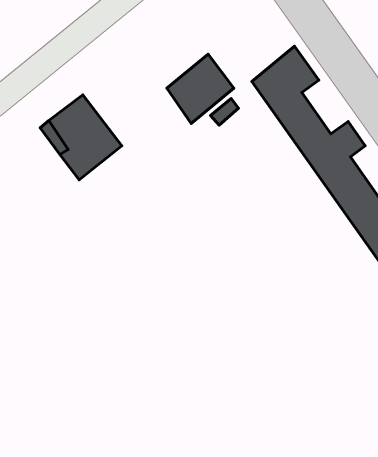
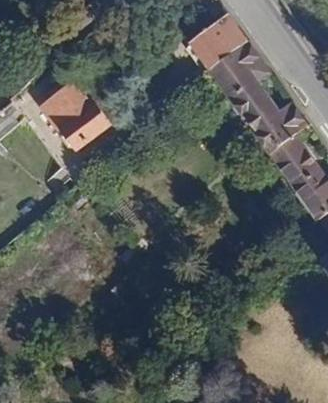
building: [167,54,234,124] -> [193,12,248,69]

